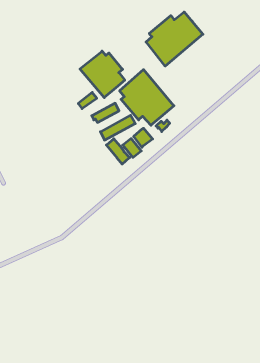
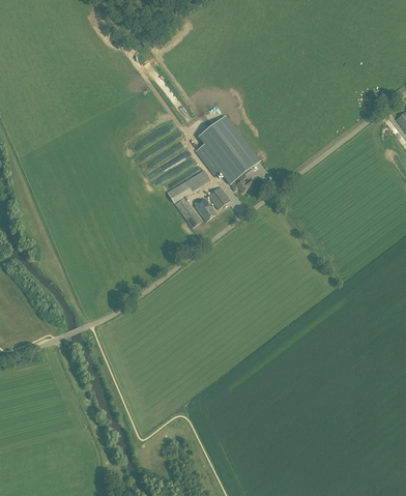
building: [146,12,203,66] -> none
building: [80,51,125,98] -> none

